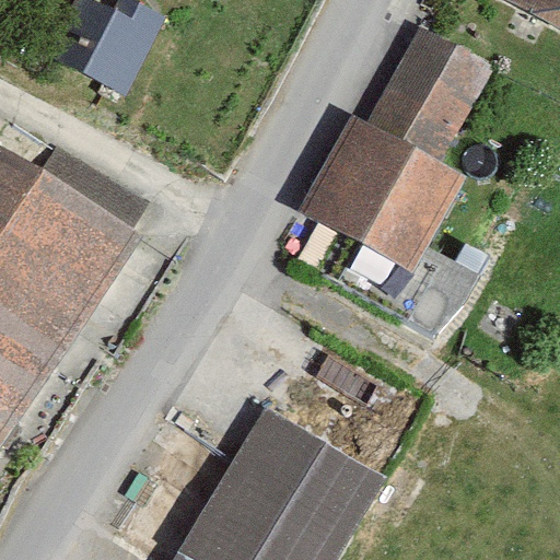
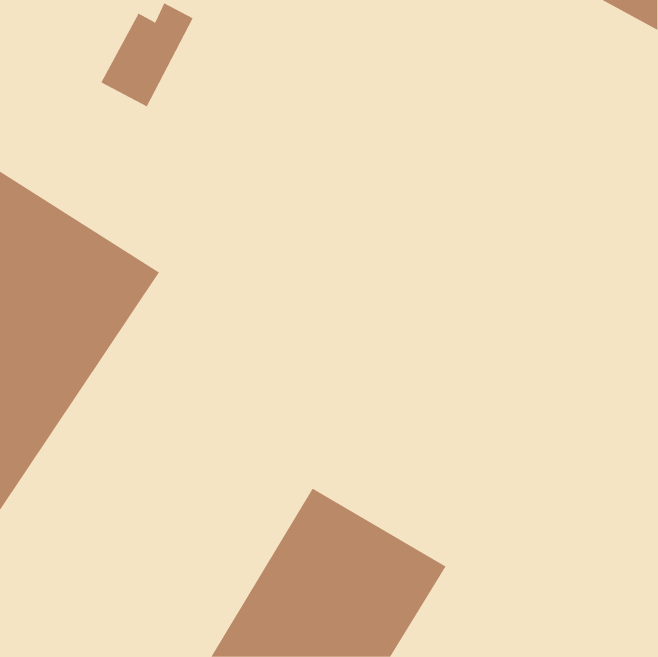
building: [305,33,487,267] -> none

